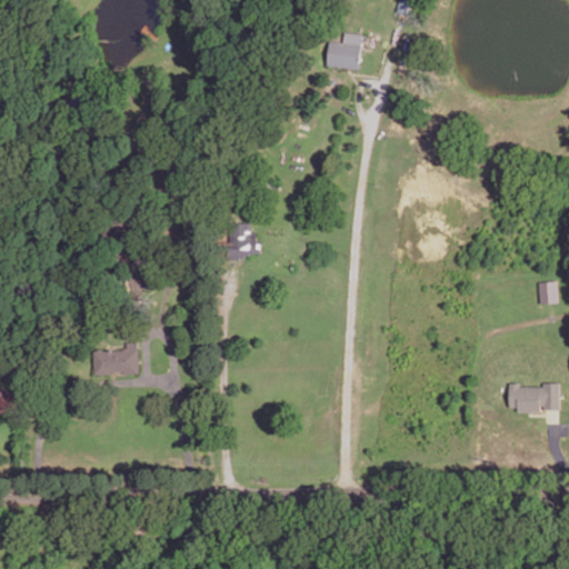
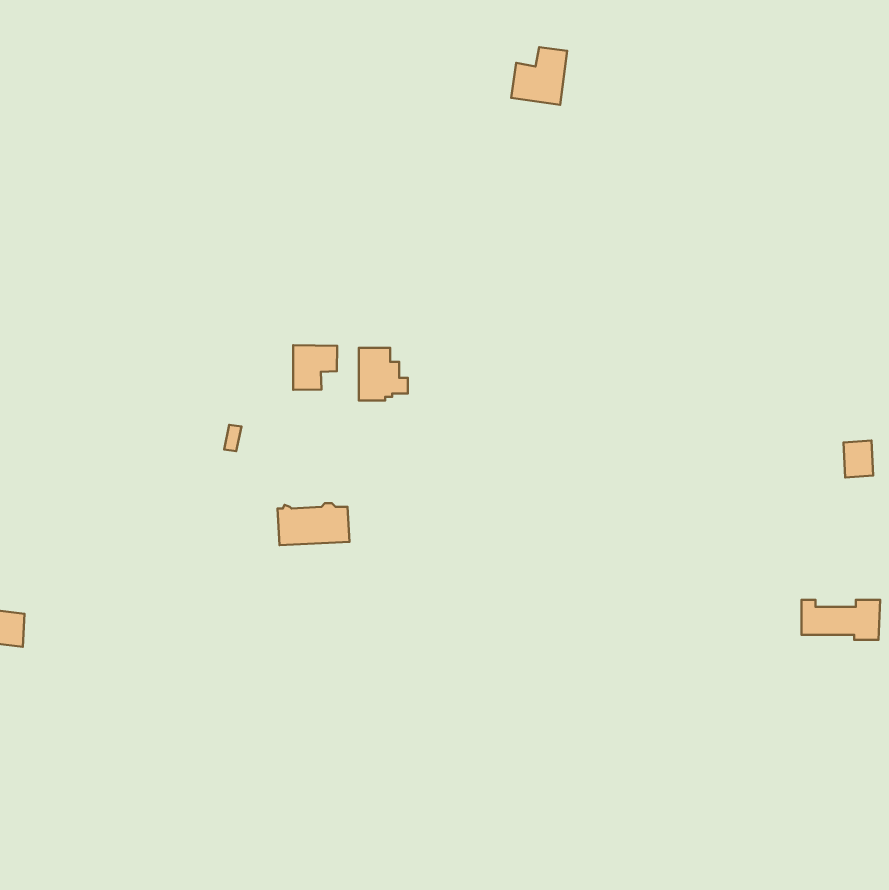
building: none -> [293,345,337,390]
building: [92,348,138,375] -> [278,503,349,545]

